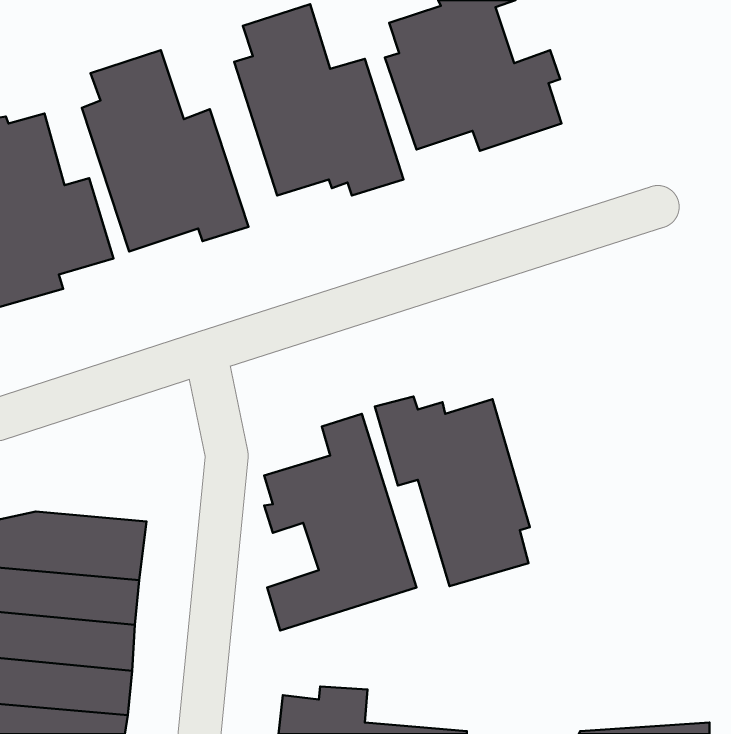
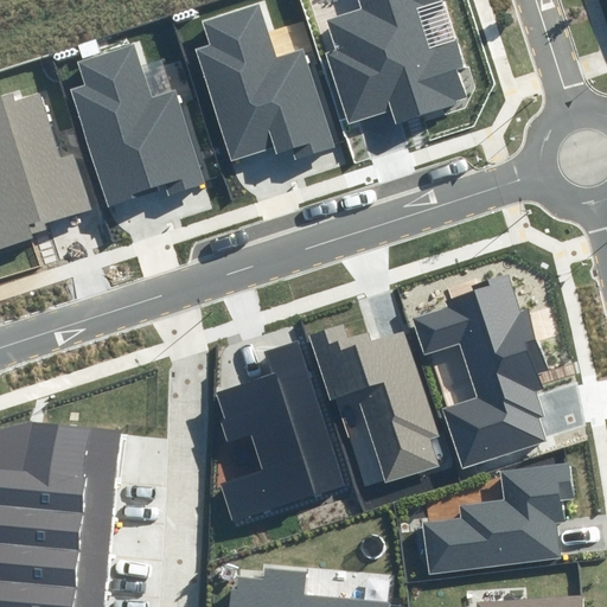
building: none -> [415,276,548,465]
building: none -> [420,465,574,571]

